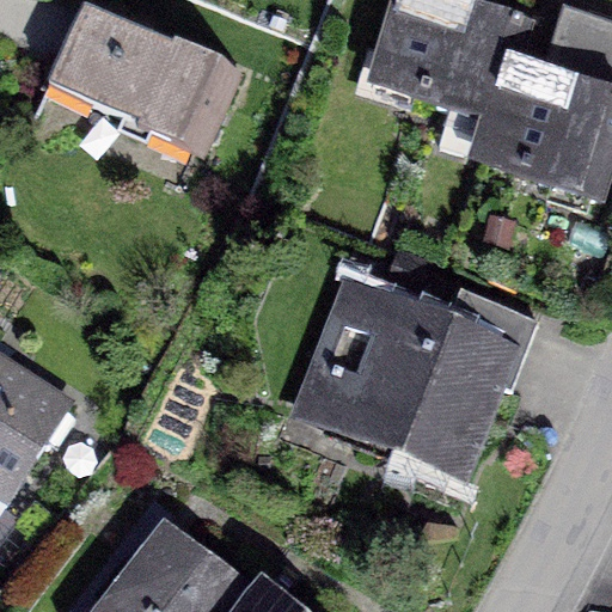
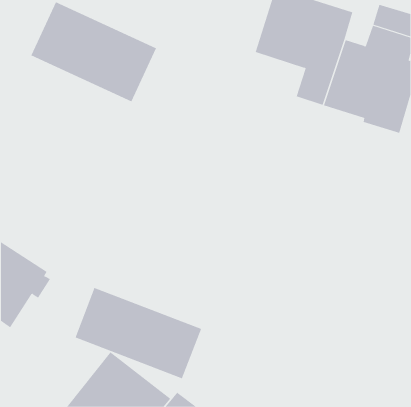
building: [317,286,527,506] -> none
building: none -> [75,287,202,379]

